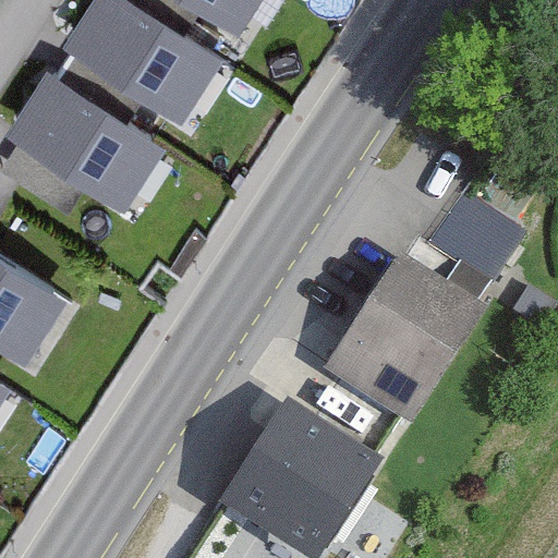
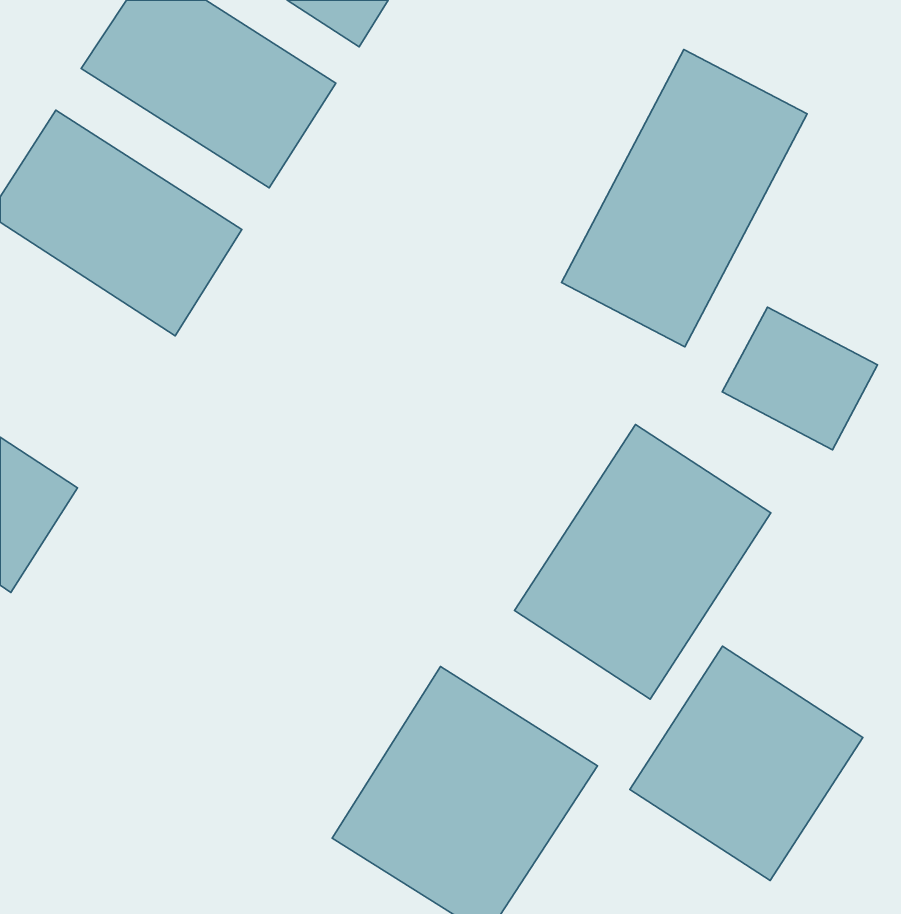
building: none -> [562,49,807,347]
building: none -> [630,646,863,881]

